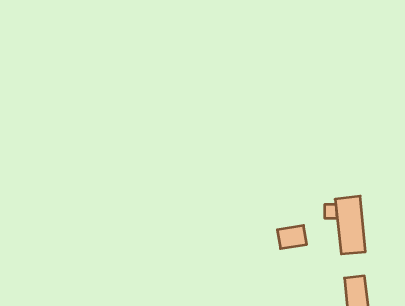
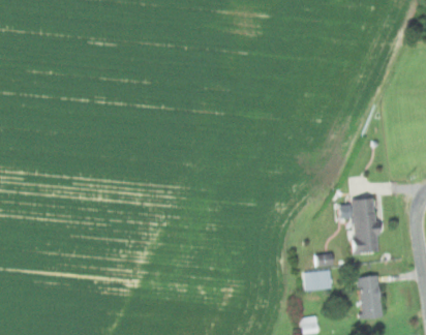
building: [277,225,307,249] -> [305,269,334,292]

